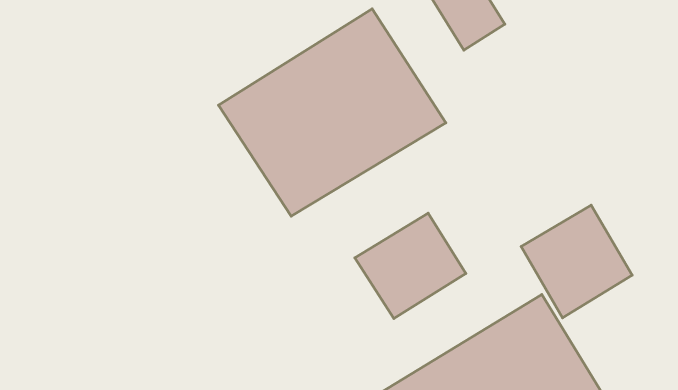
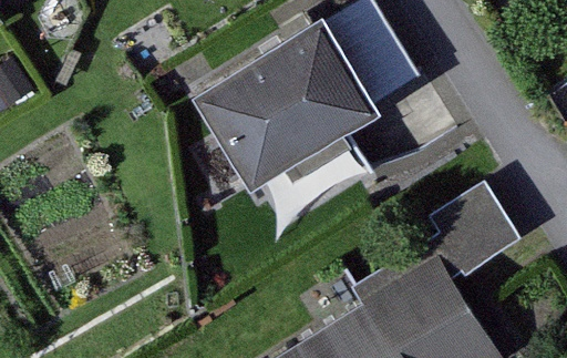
building: [355,213,466,319] -> none

